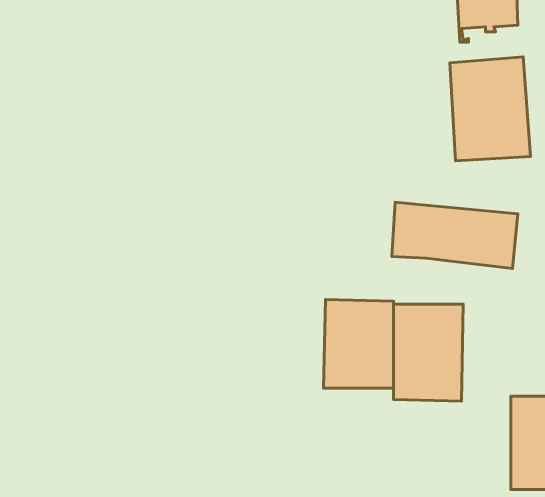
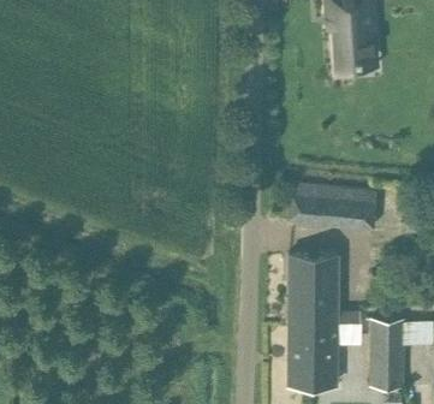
building: [450,57,531,161] -> none
building: [324,300,393,388] -> [287,322,337,385]

